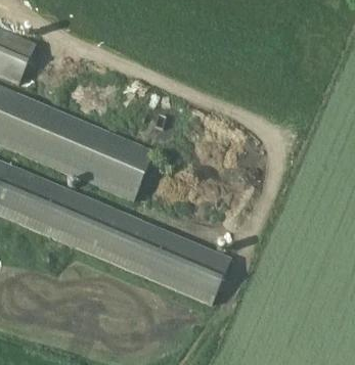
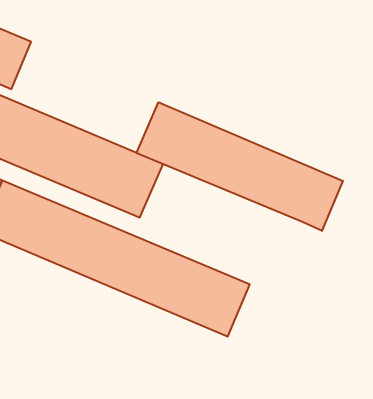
building: none -> [137,102,343,231]

